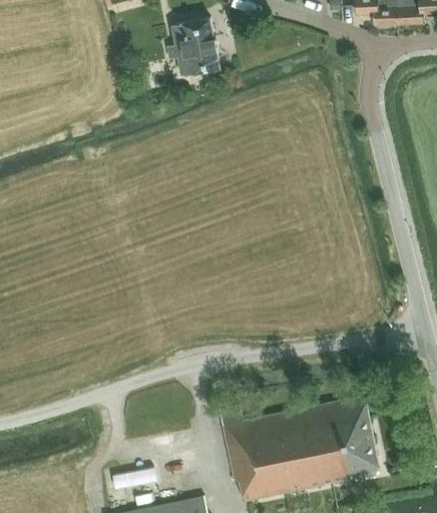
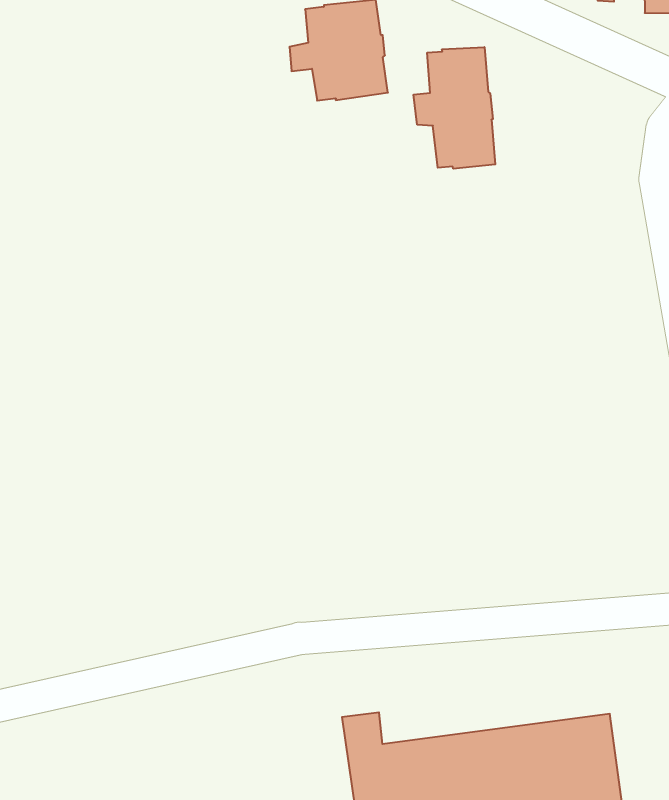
building: none -> [414,47,495,169]

